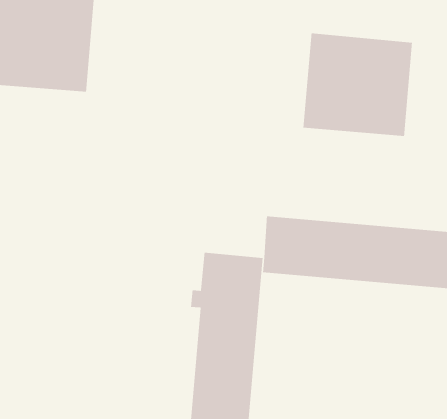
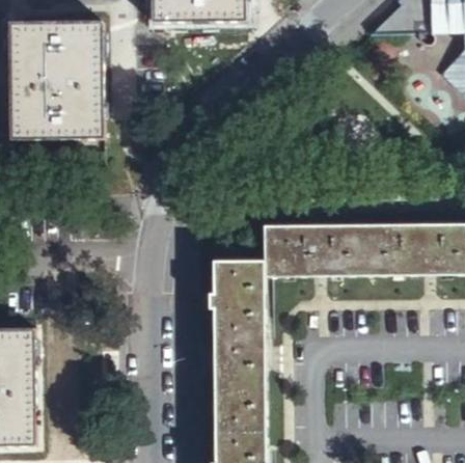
building: [302,32,413,137] -> none

